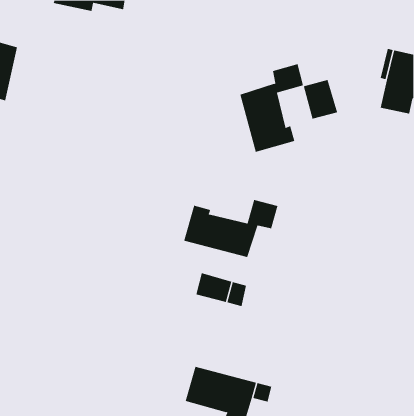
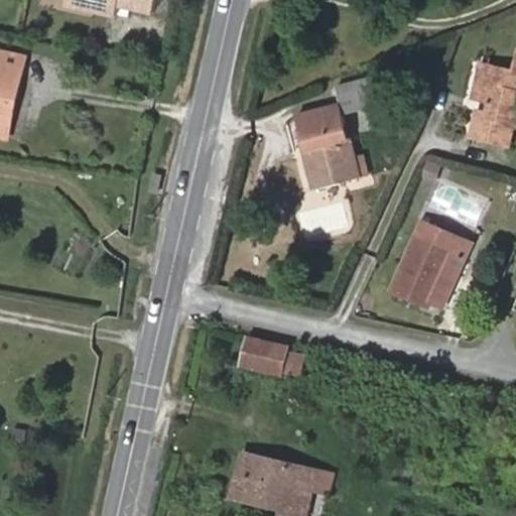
building: [303,79,338,120] -> none
building: none -> [394,217,472,302]
building: [183,199,278,258] -> none

